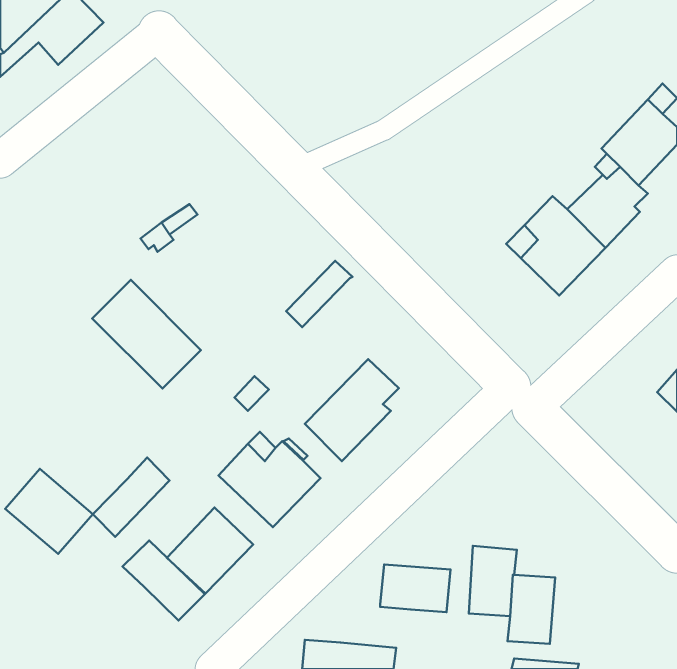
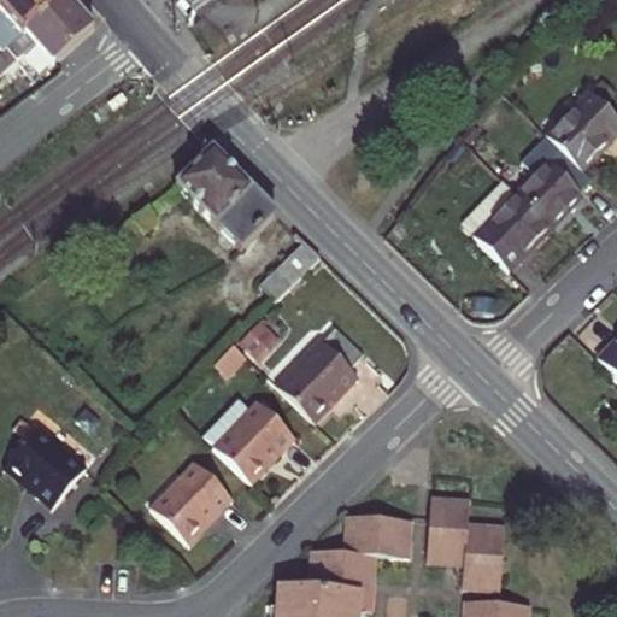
building: [92,280,201,389] -> [177,147,276,246]
building: [93,458,170,537] -> none
building: [123,540,205,620] -> none
building: none -> [310,548,374,590]

